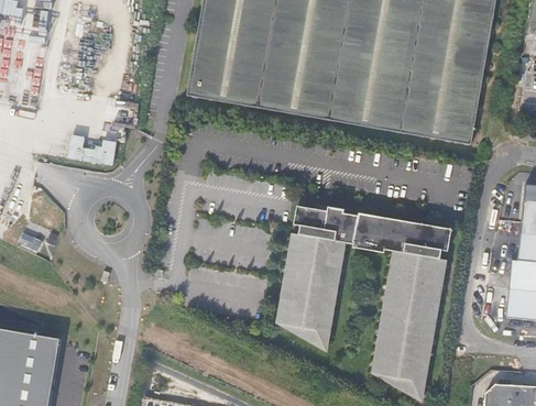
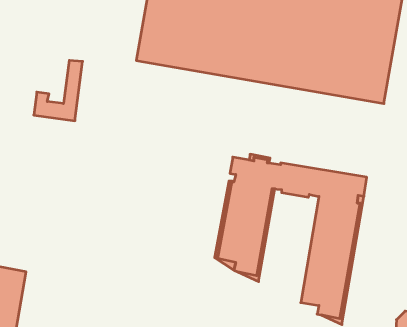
building: [372,250,396,386] -> none

